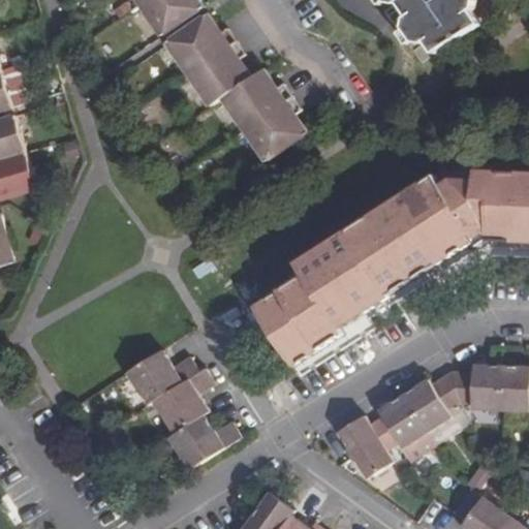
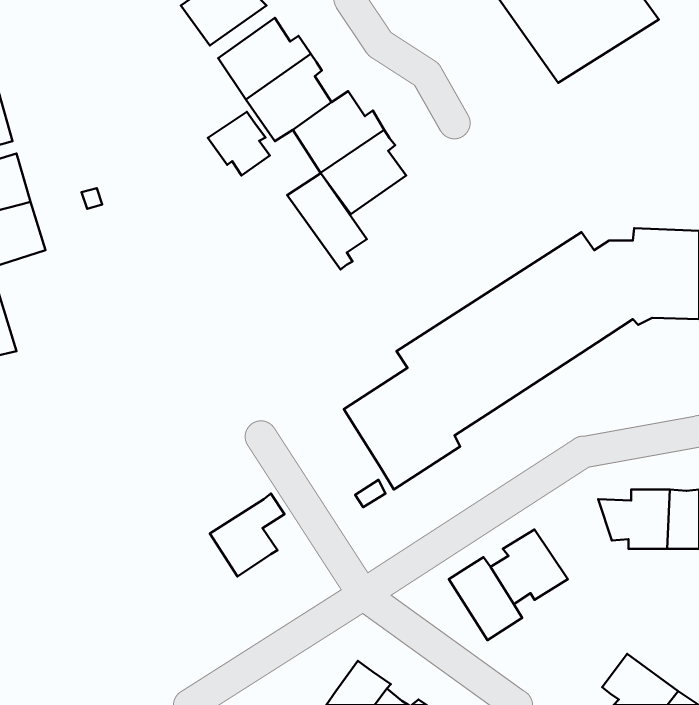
building: none -> [208,112,270,175]
building: none -> [287,173,367,269]
building: [131,351,197,402] -> none
building: [400,373,458,433] -> none
building: [173,414,238,466] -> none

